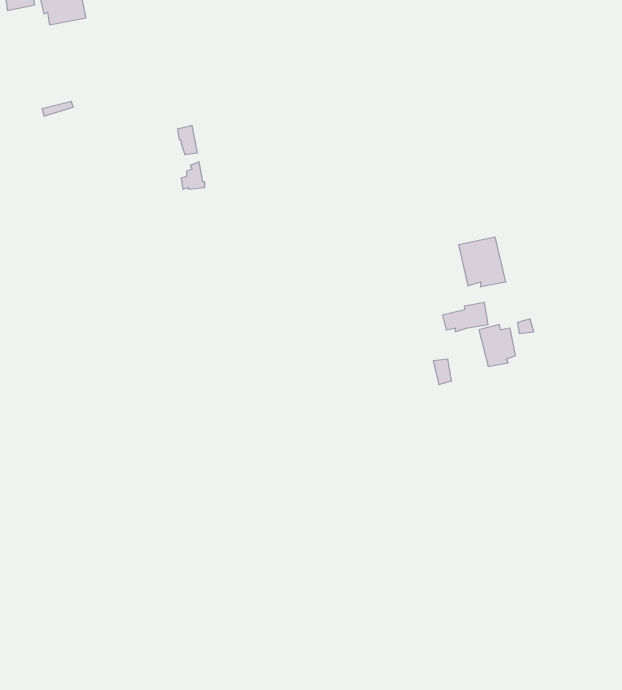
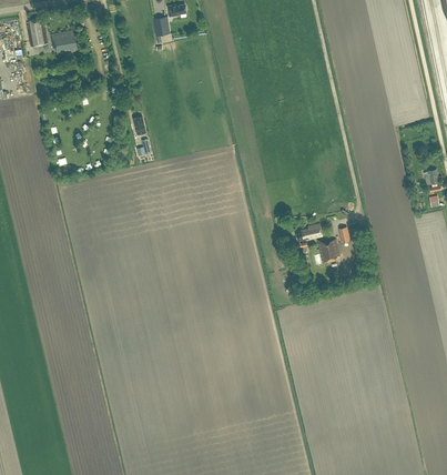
building: [459,237,506,287] -> none

